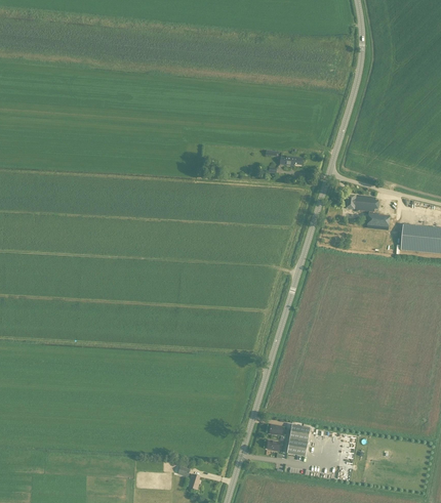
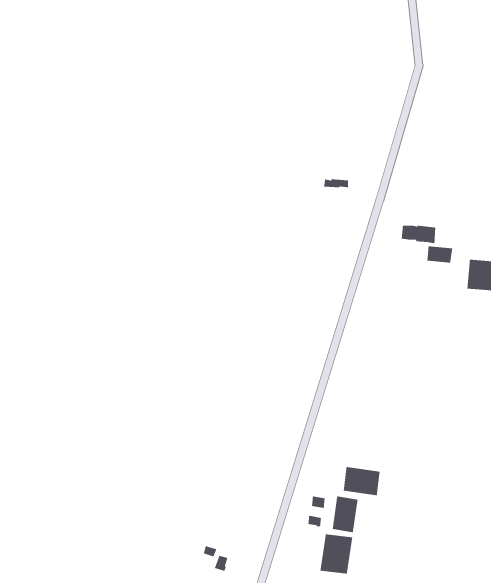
building: none -> [343,466,381,496]
building: none -> [320,534,353,575]

